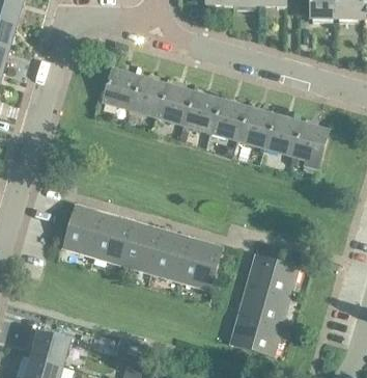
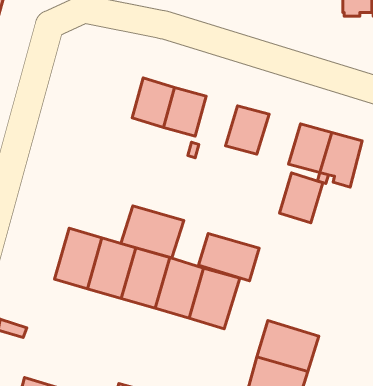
building: [103,68,139,109] -> none
building: [184,90,220,133] -> none
building: [236,106,274,148] -> [279,173,323,223]
building: none -> [121,206,184,258]
building: [246,255,298,296] -> [199,234,259,281]

